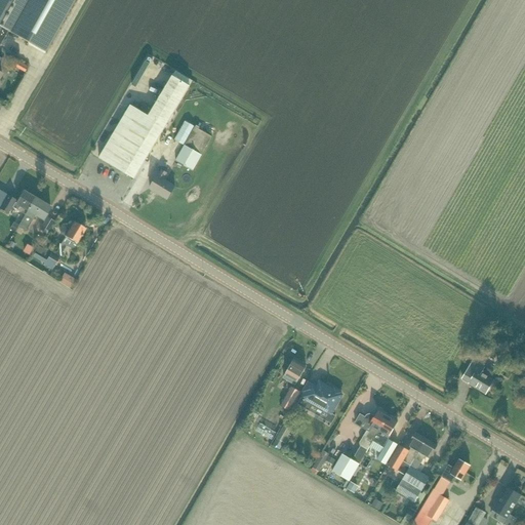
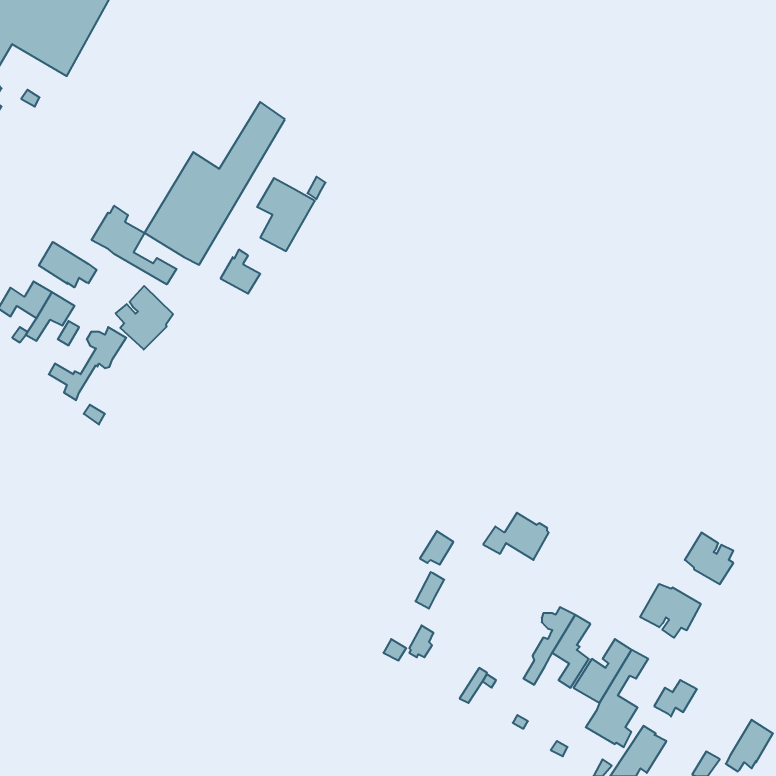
building: none -> [92,206,177,284]
building: none -> [39,242,97,287]
building: none -> [116,286,173,350]
building: [297,380,341,412] -> [483,513,549,560]
building: none -> [640,584,701,638]
building: [331,452,359,480] -> none

